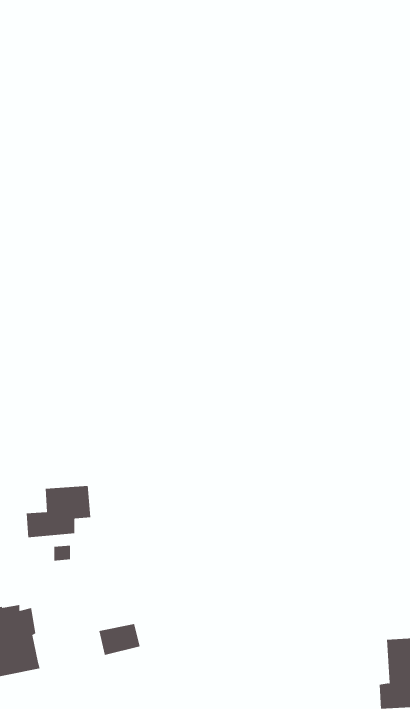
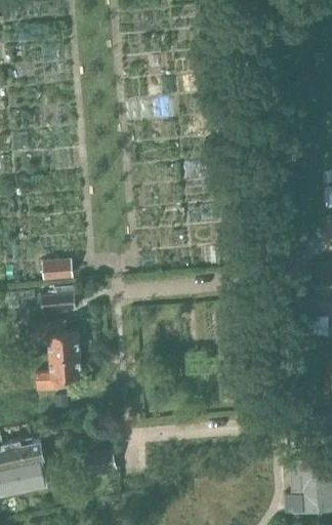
building: none -> [42,259,73,282]
building: none -> [41,288,75,313]
building: none -> [31,322,80,357]

